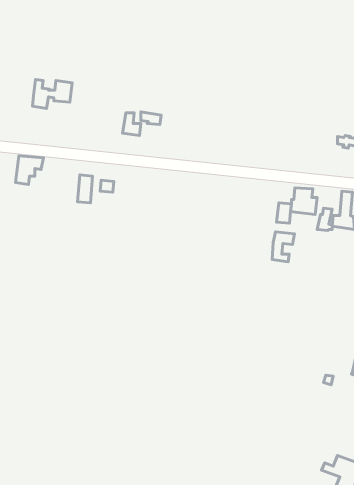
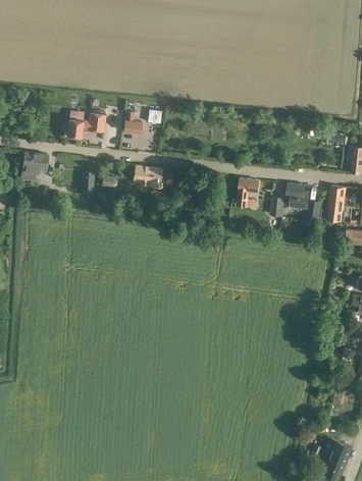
building: [32,80,72,108] -> [67,111,105,139]
building: none -> [134,166,162,188]
building: [272,232,295,262] -> [238,178,259,207]

